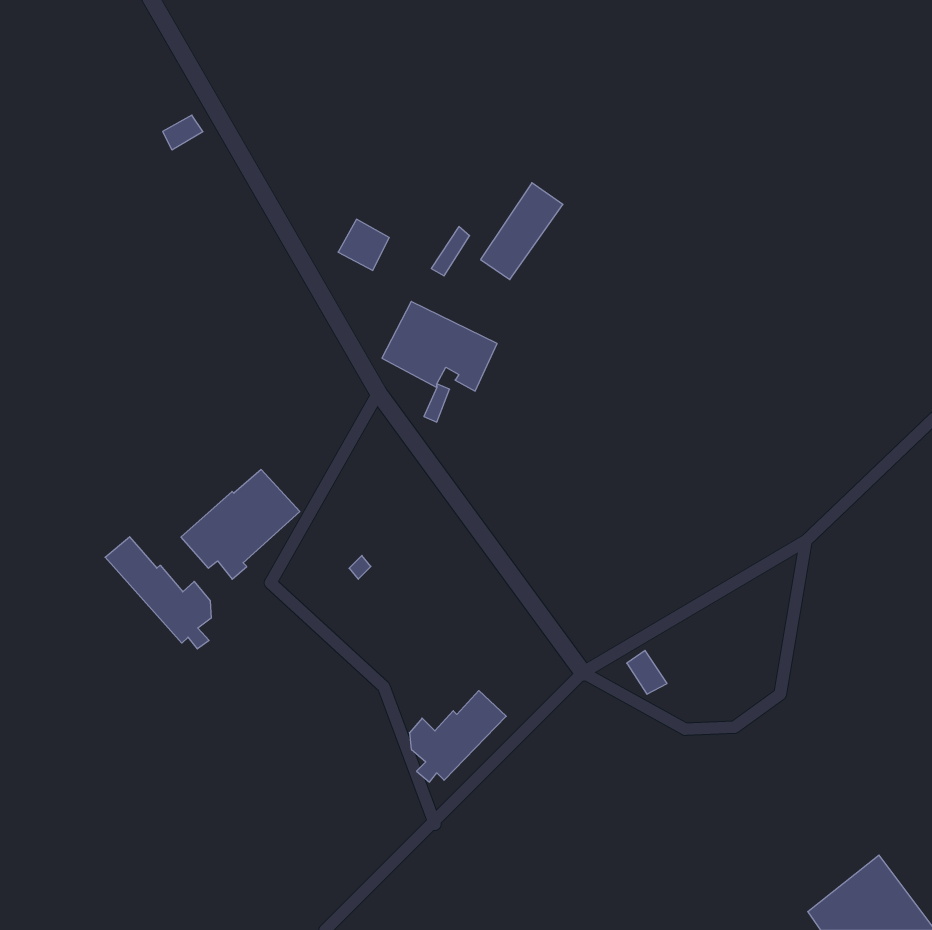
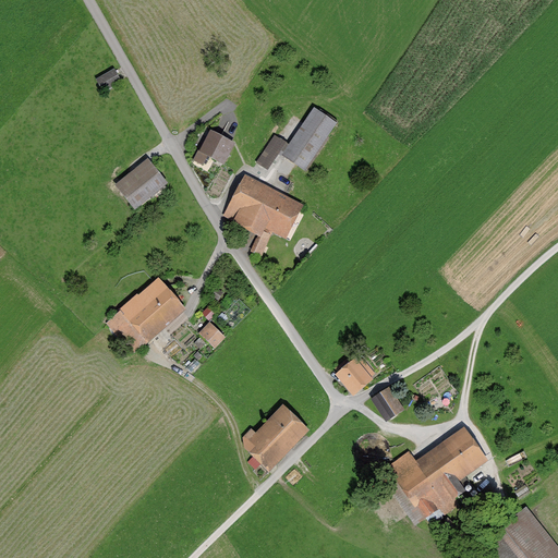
building: none -> [123,163,166,204]
building: [105,537,211,649] -> none
building: none -> [339,357,375,391]
building: none -> [390,434,480,519]

